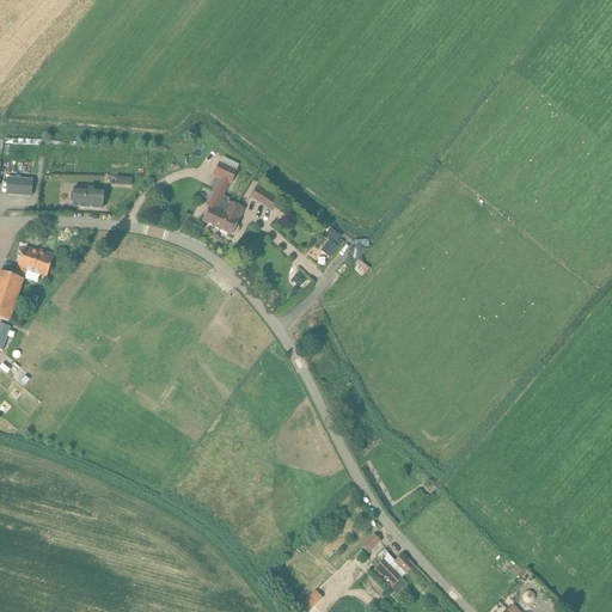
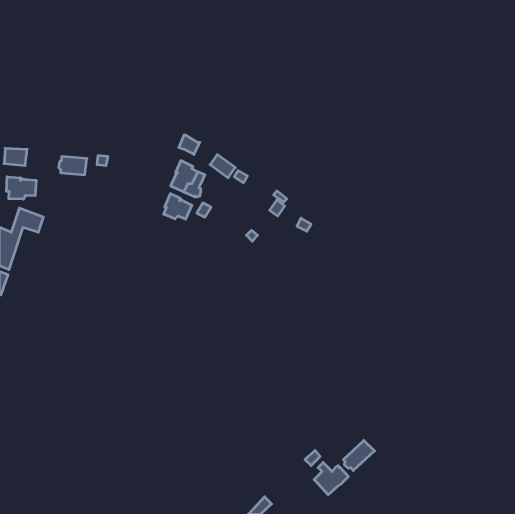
building: none -> [7,177,36,199]
building: none -> [164,194,192,219]
building: none -> [343,440,375,471]

